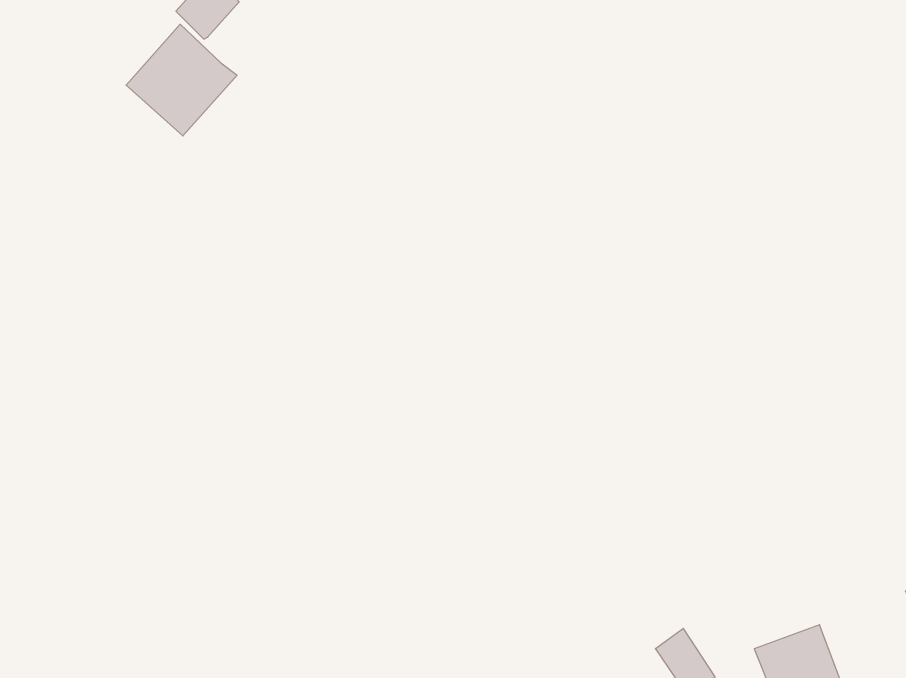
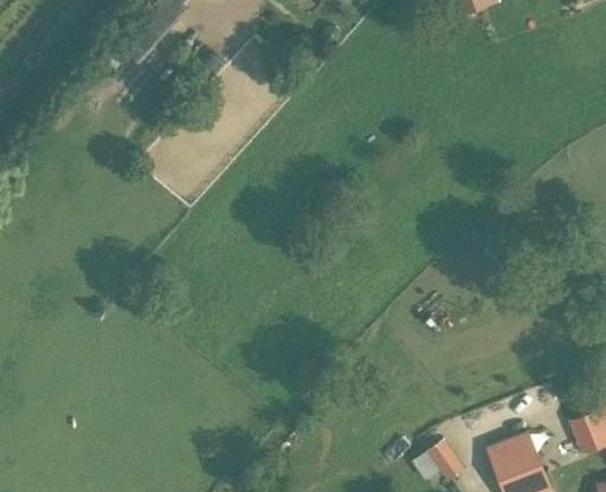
building: [126,24,237,136] -> none

